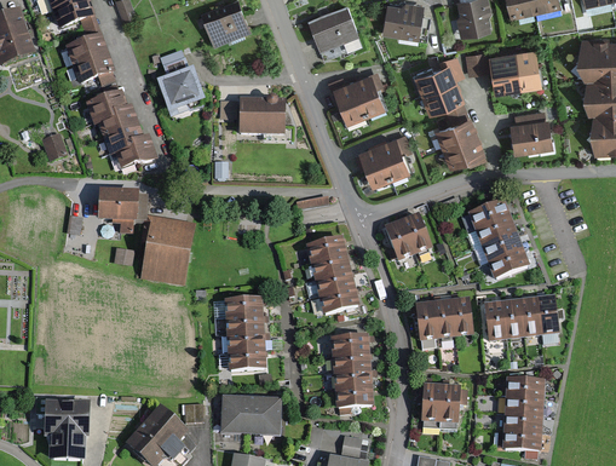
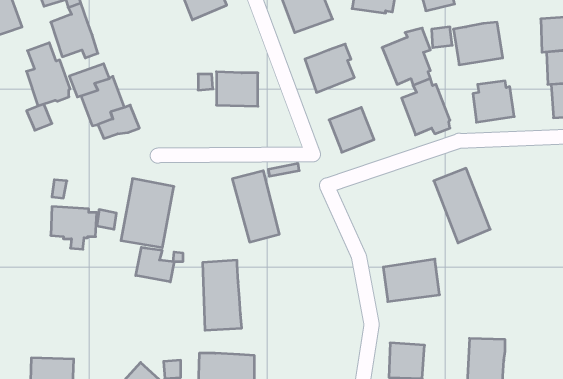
building: [157,50,203,116] -> [26,43,70,106]
building: [98,186,146,231] -> [51,207,97,249]
building: [382,215,427,260] -> none
building: [307,237,357,312] -> [232,171,279,242]
building: none -> [136,247,174,282]
building: [483,297,558,341] -> none
building: [333,336,369,408] -> none

